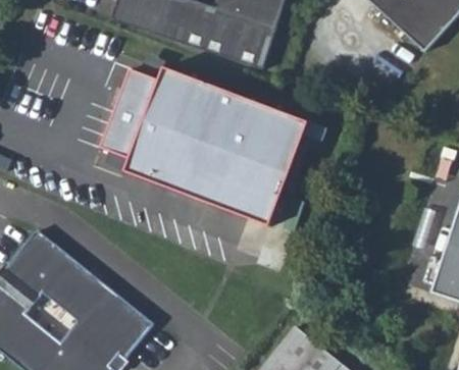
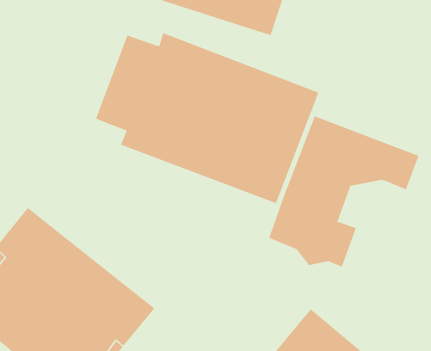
building: none -> [269,116,419,268]

